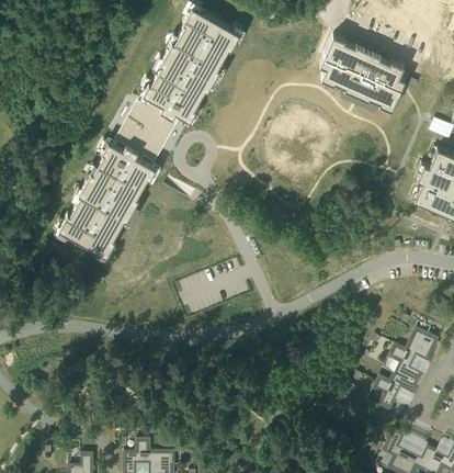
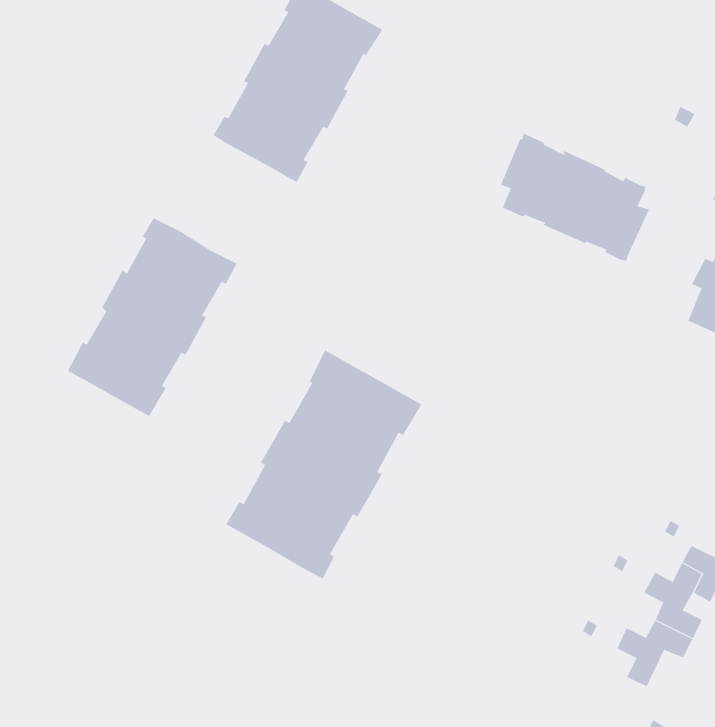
building: [320,35,406,109] -> [500,133,650,261]
building: [115,97,178,161] -> none
building: none -> [226,349,422,579]

